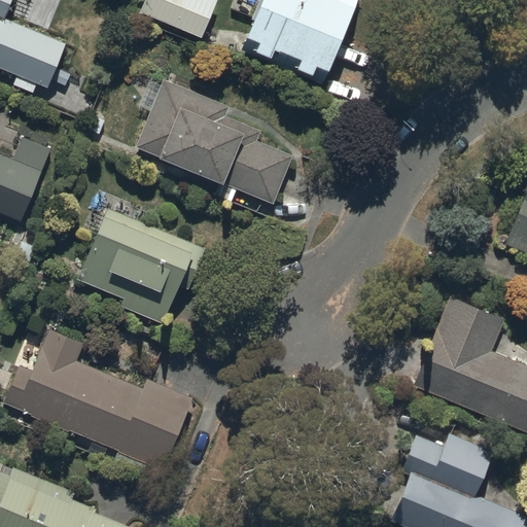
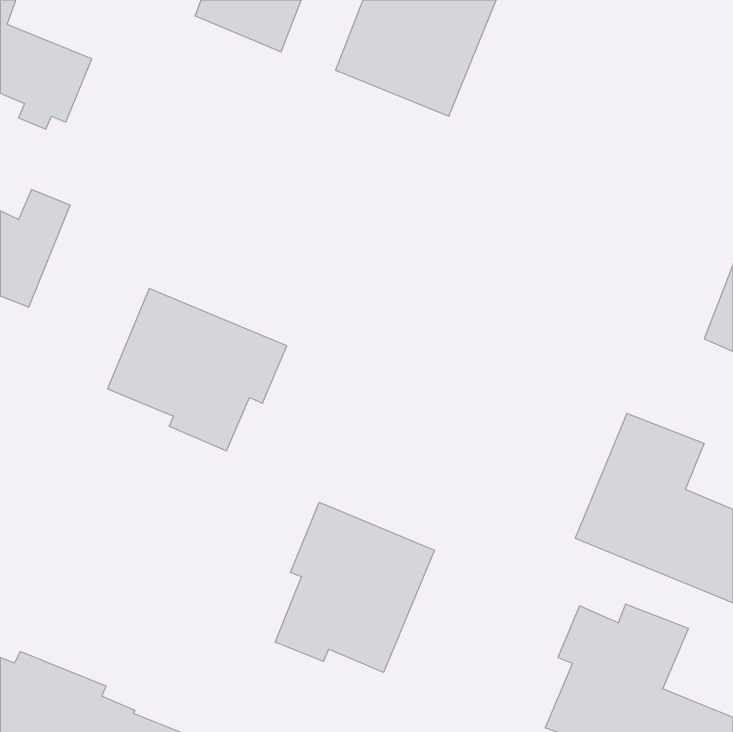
building: [135,79,293,205] -> none
building: [4,329,192,470] -> none
building: none -> [275,502,434,672]

